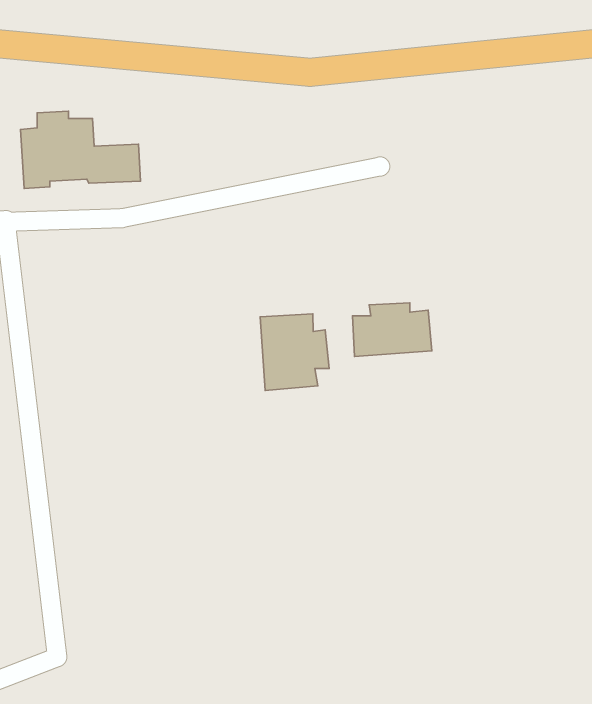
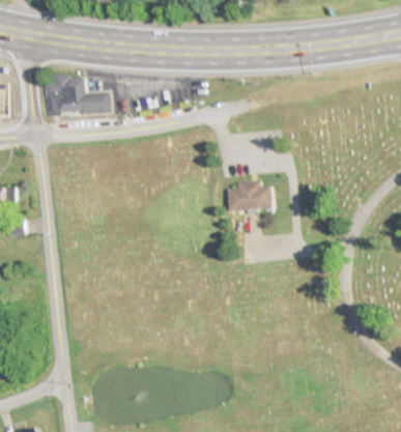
building: [260,314,329,390] -> none

